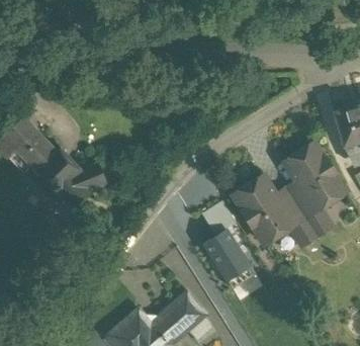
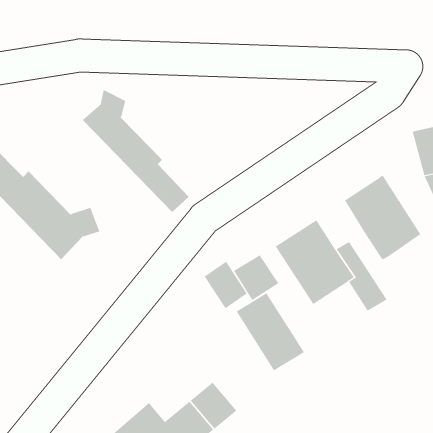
building: none -> [82,89,190,213]
building: [288,184,331,235] -> none
building: none -> [204,261,248,309]

